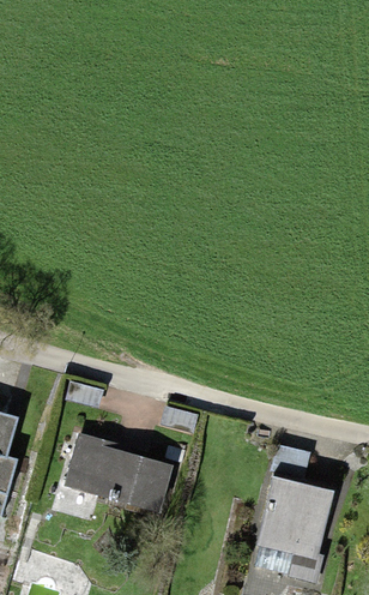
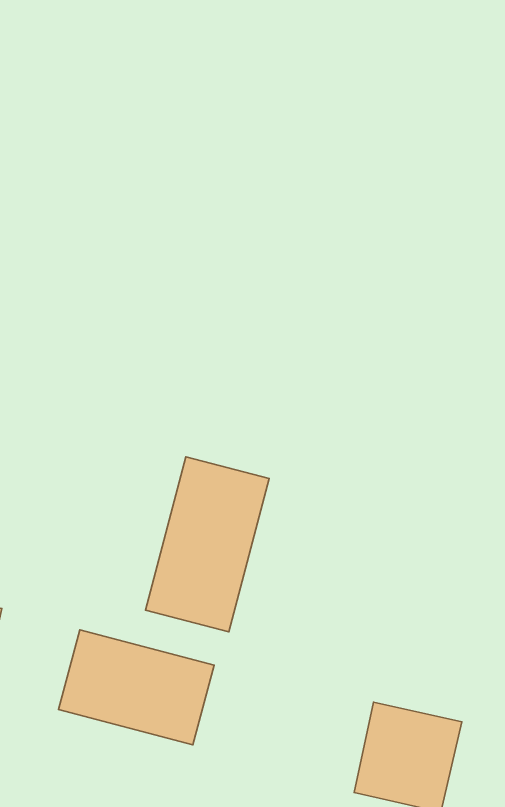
building: none -> [146,457,269,632]

